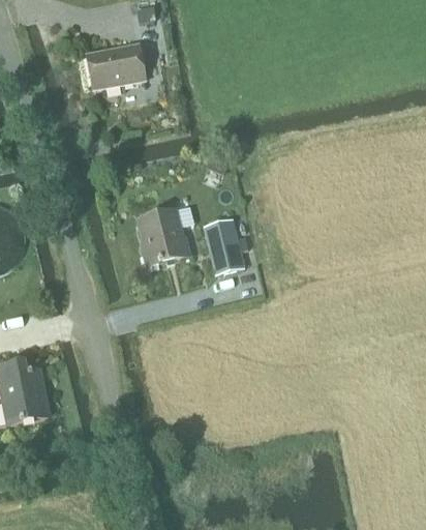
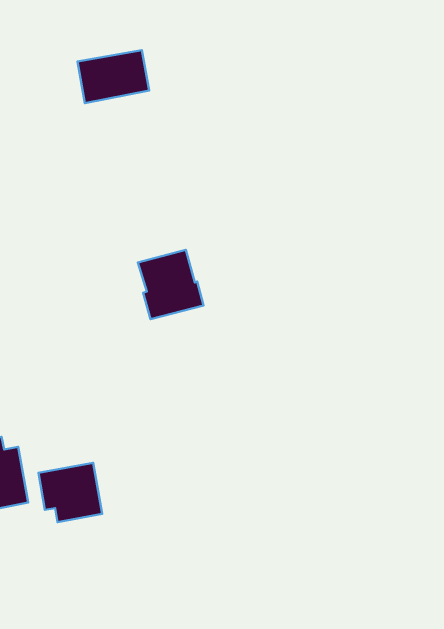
building: [204,218,244,273] -> none
building: none -> [39,463,102,522]

